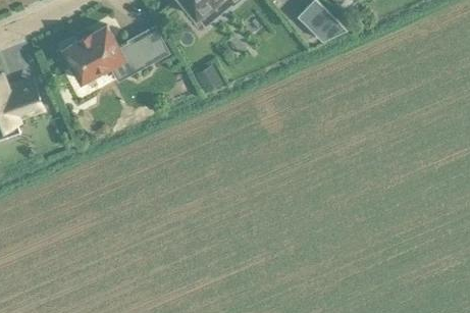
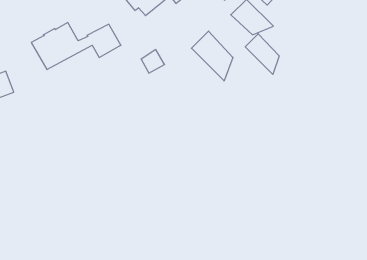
building: none -> [191,31,233,81]
building: none -> [245,34,279,74]

